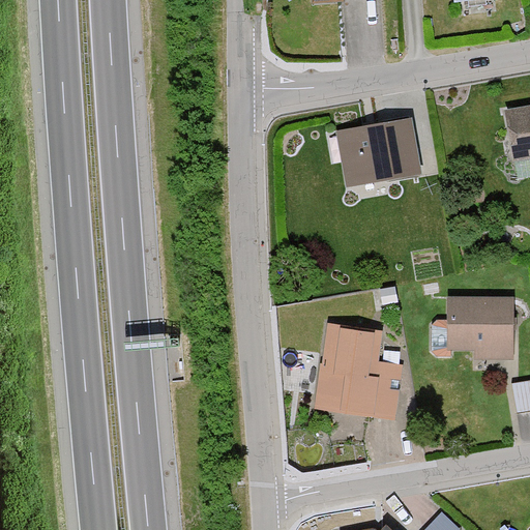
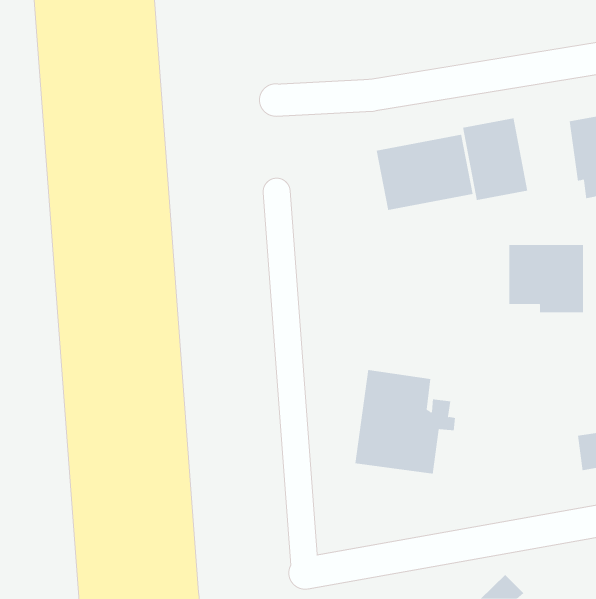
building: none -> [462,118,528,201]
building: [447,298,513,358] -> [509,245,584,313]

